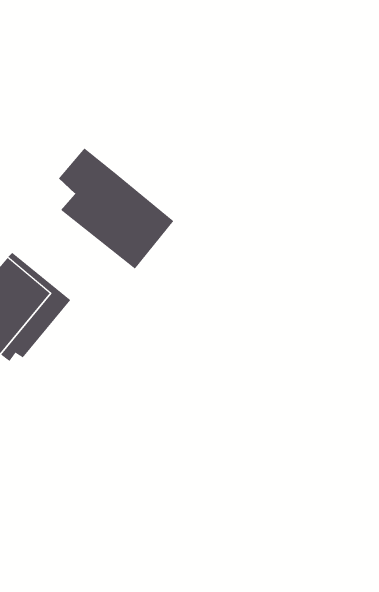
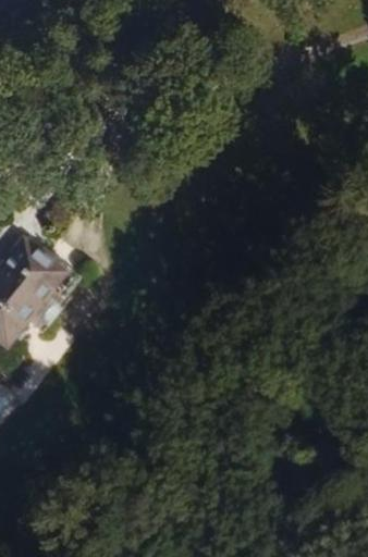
building: [58,147,174,269] -> none

